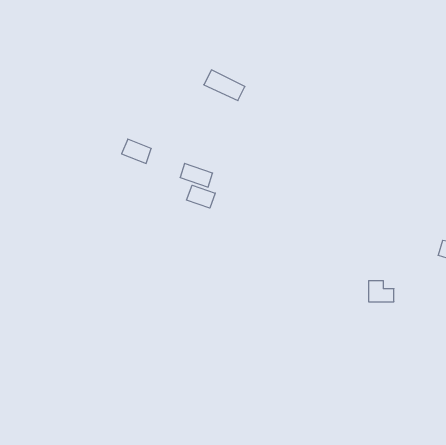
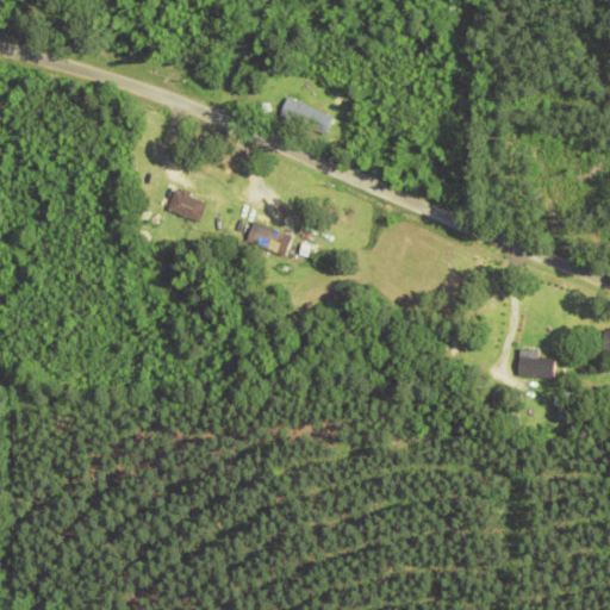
building: [187,185,215,208] -> none
building: [369,281,394,302] -> [517,347,552,375]

